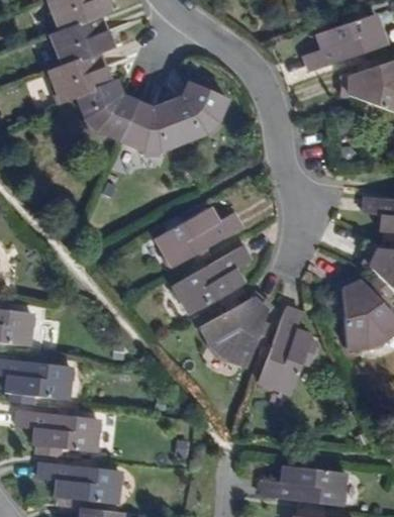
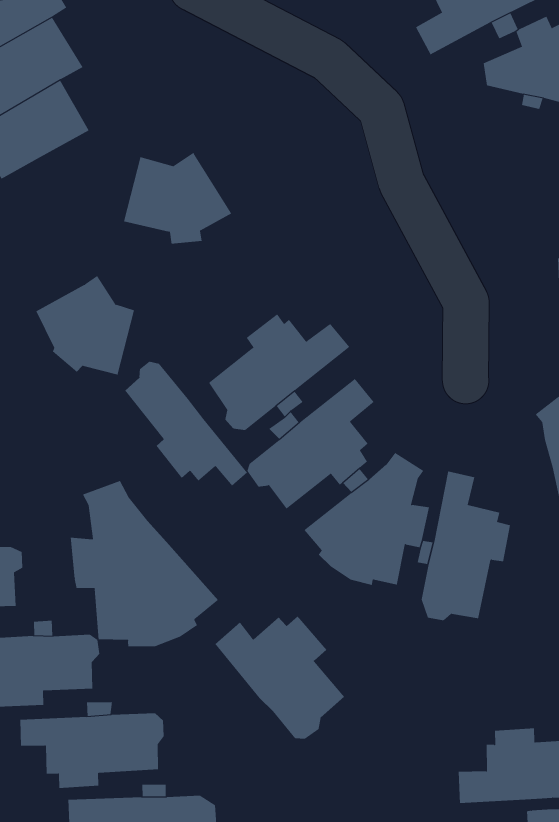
building: [81,79,137,137] -> [35,275,135,375]
building: [169,84,229,142] -> none
building: none -> [125,361,248,487]
building: none -> [70,480,219,647]
building: none -> [214,615,345,740]

